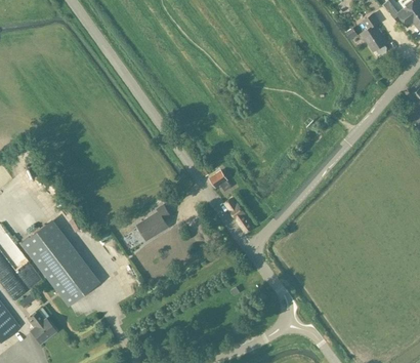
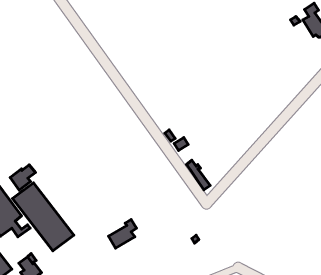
building: none -> [10,165,36,190]
building: [138,204,171,238] -> [109,220,137,248]

